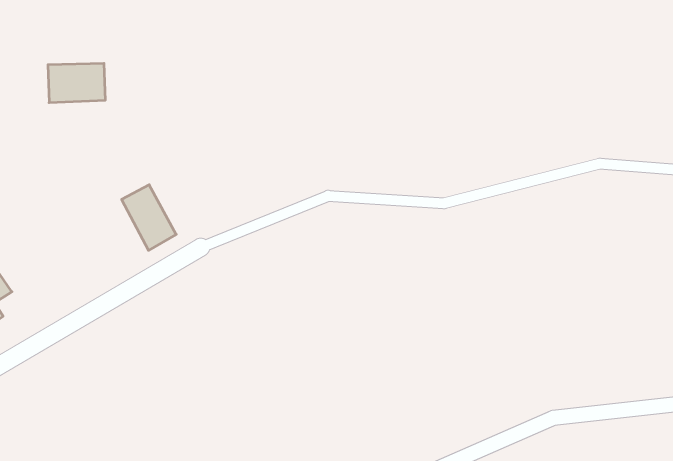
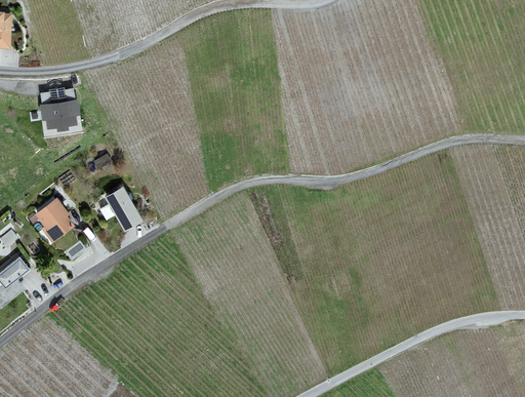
building: none -> [26,198,74,246]

